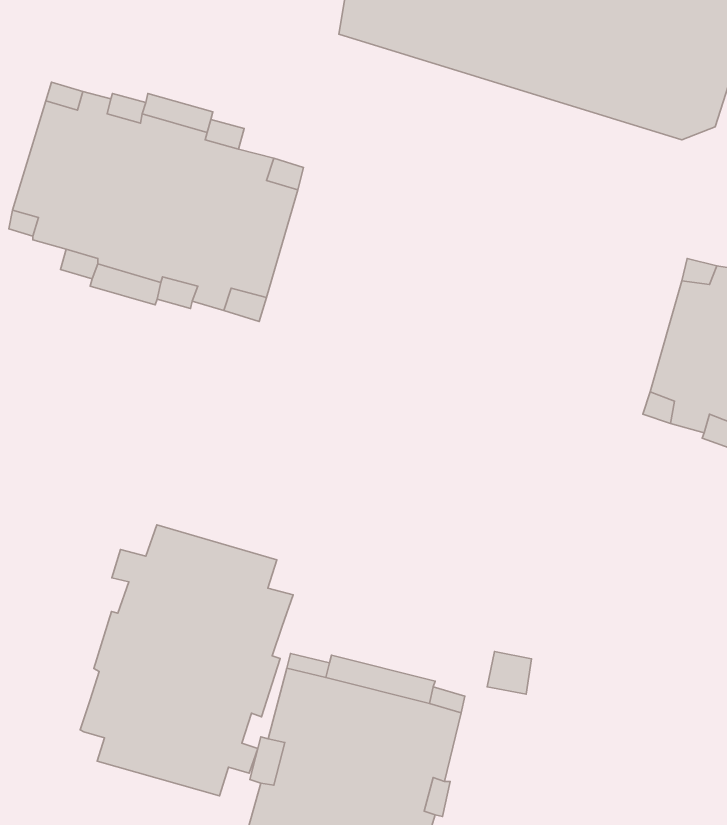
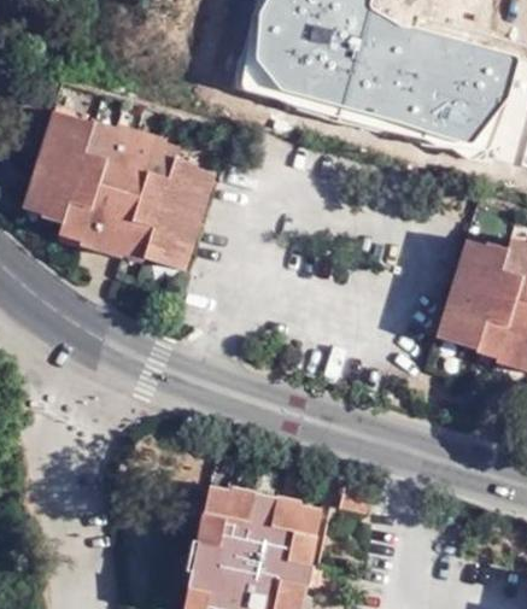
building: [80,525,293,796] -> none

